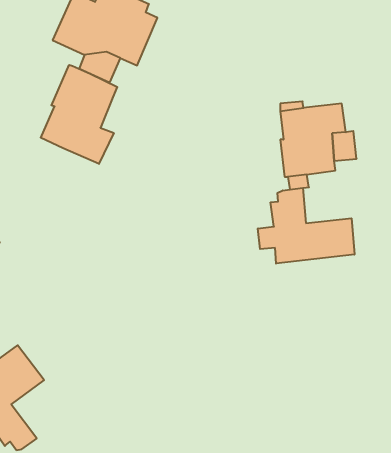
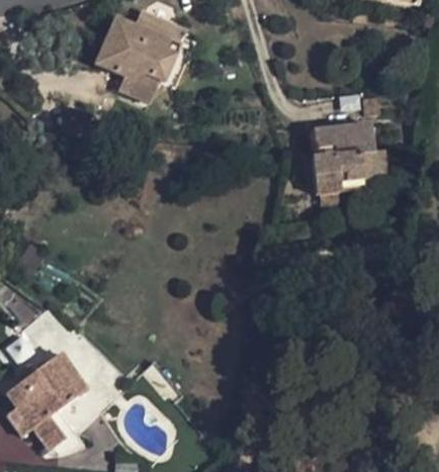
building: [41,65,117,164] -> none
building: [258,188,354,264] -> none

